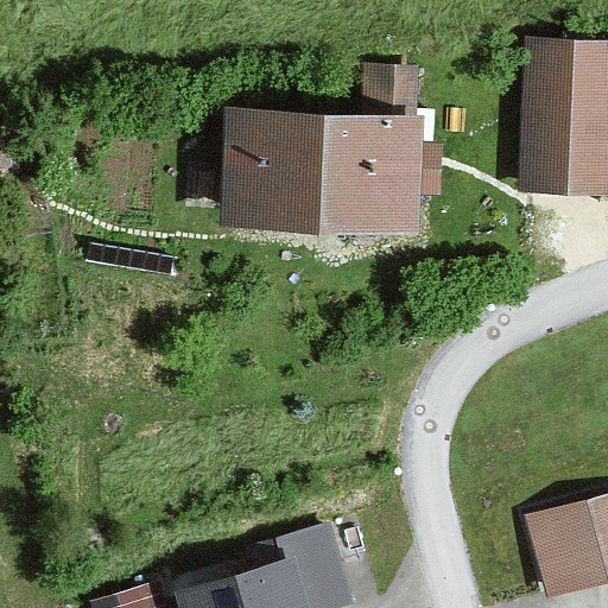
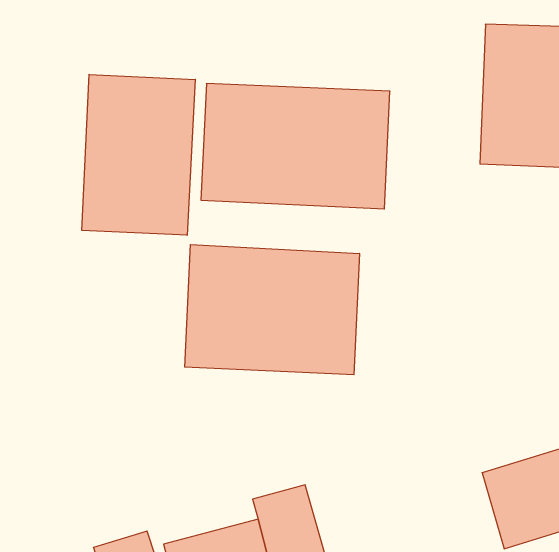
building: none -> [82,74,195,235]
building: none -> [185,245,359,375]

